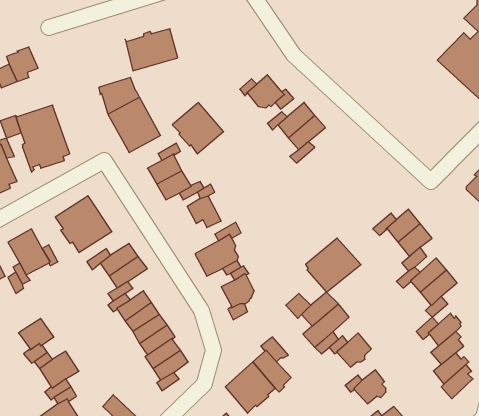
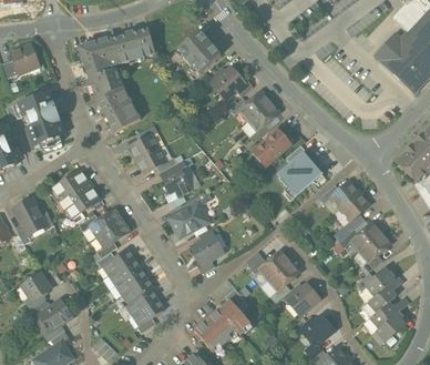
building: none -> [78,37,117,77]
building: [172,103,224,154] -> [177,30,221,73]
building: none -> [253,129,291,166]
building: [306,238,361,292] -> [277,151,324,196]

